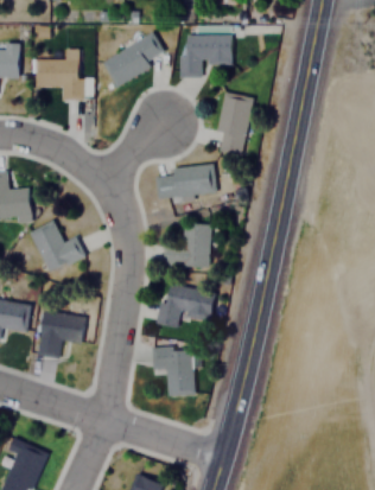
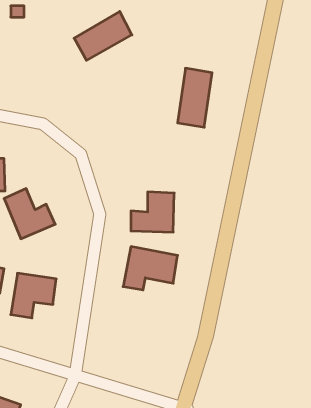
building: [182,36,231,78] -> none
building: [34,58,83,101] -> none
building: [155,165,216,201] -> none
building: [155,350,195,396] -> none

